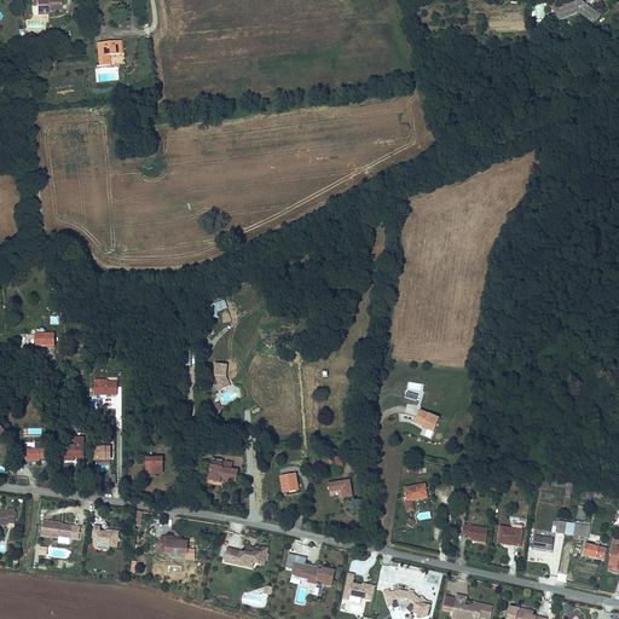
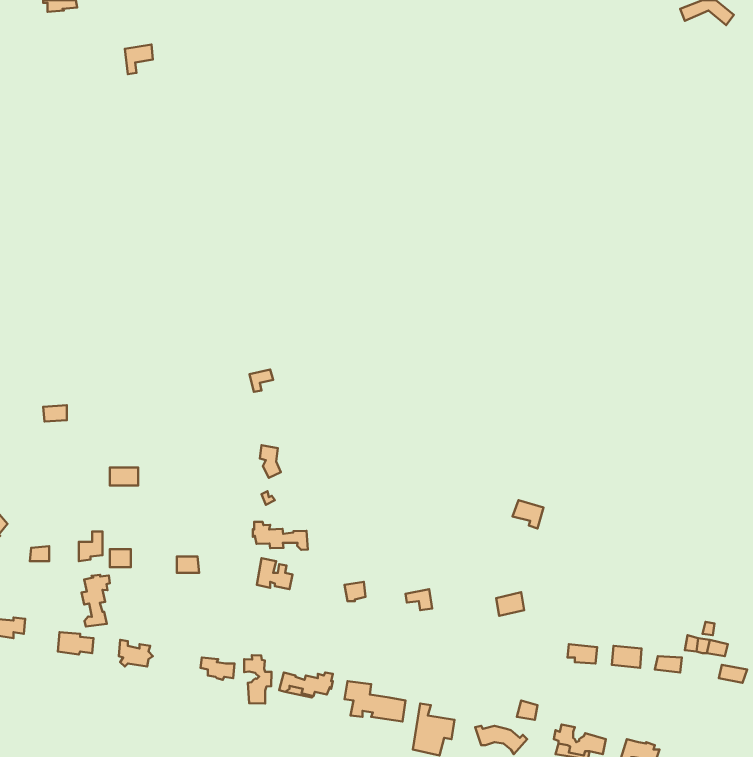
building: none -> [253,522,308,550]
building: none -> [82,575,110,627]
building: none -> [244,655,272,703]

